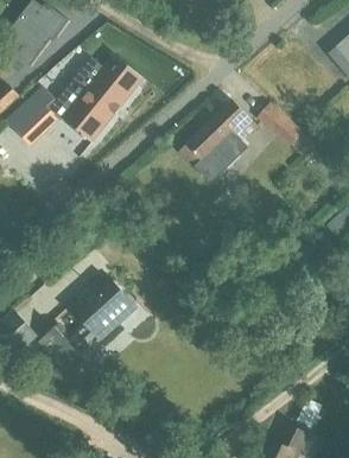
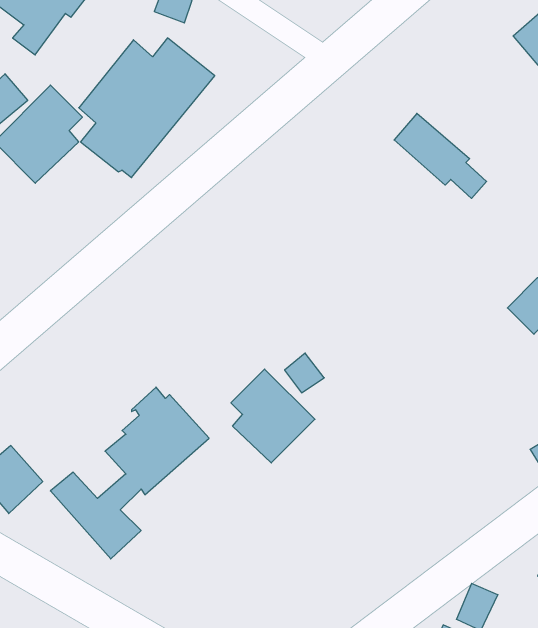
building: [177,98,256,177] -> none
building: none -> [231,369,315,463]

